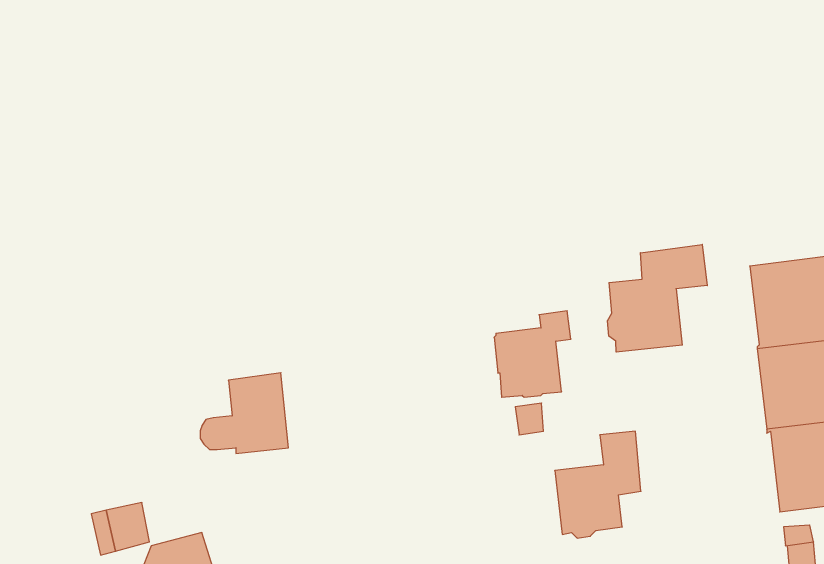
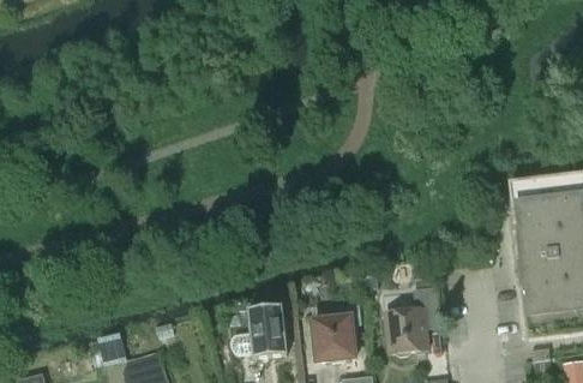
building: [607,244,707,352] -> none
building: [494,311,571,397] -> [311,305,360,360]
building: [200,373,288,453] -> [229,305,286,357]

